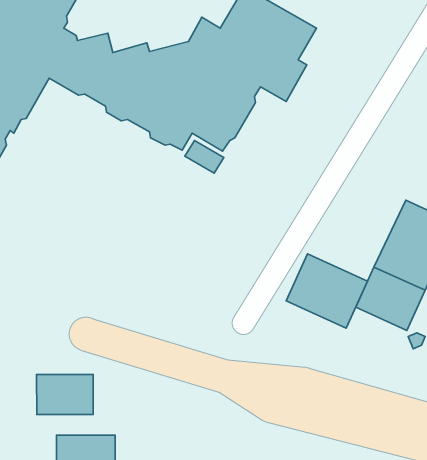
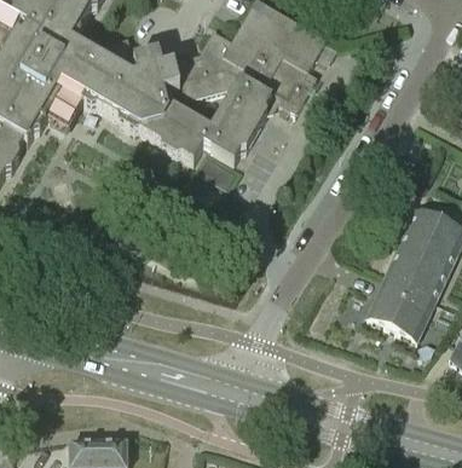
building: [286,254,368,328] -> none
building: [37,375,93,414] -> none

